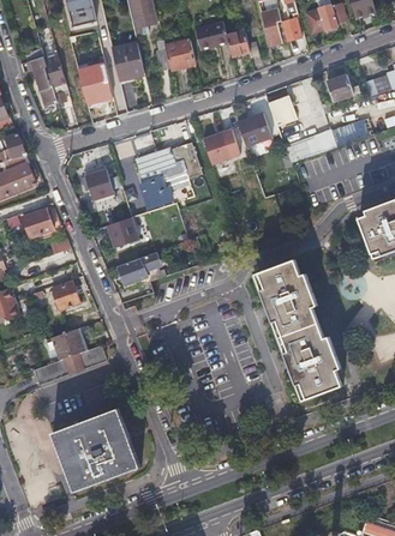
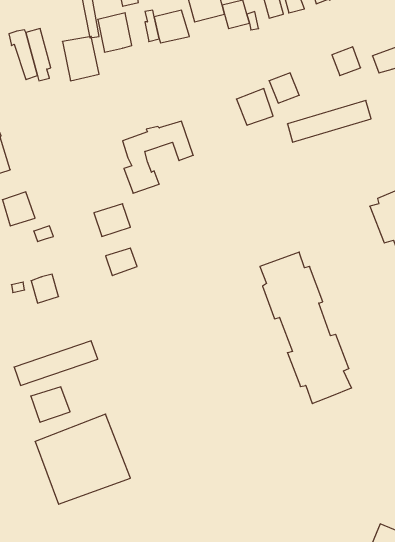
building: [203,127,240,163] -> none
building: [84,165,115,204] -> none
building: [50,326,86,359] -> [31,387,70,422]

